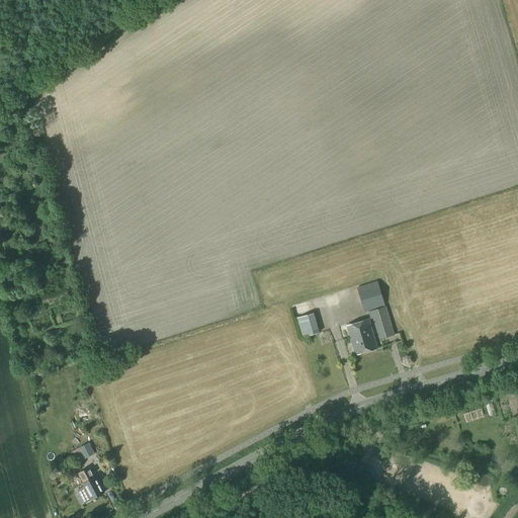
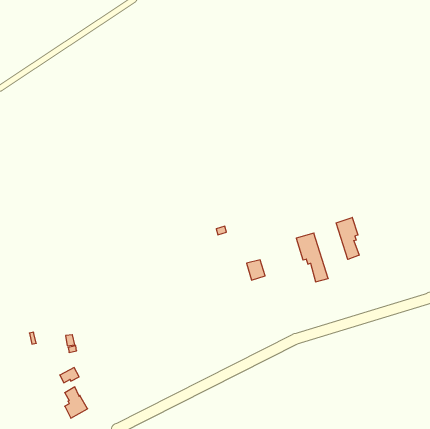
building: none -> [336,217,359,259]
building: [345,319,376,354] -> none

